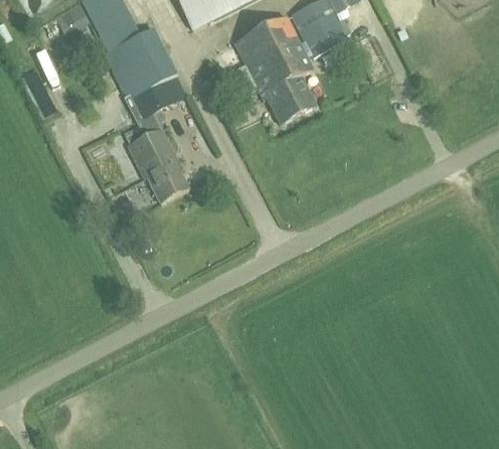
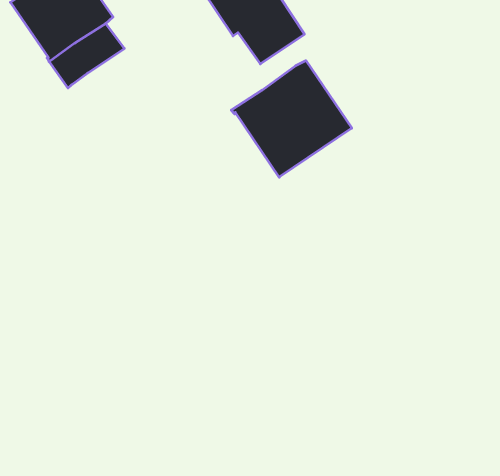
building: [128,110,187,200] -> none
building: none -> [231,61,352,177]

